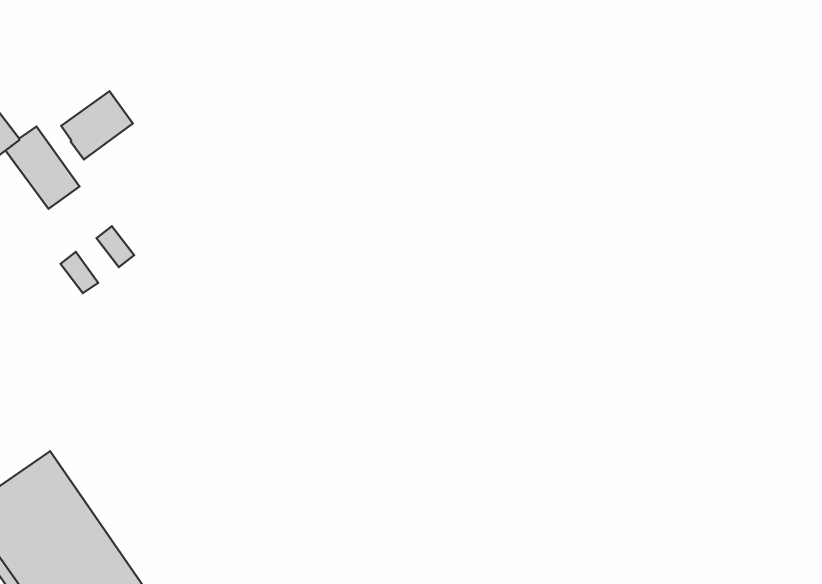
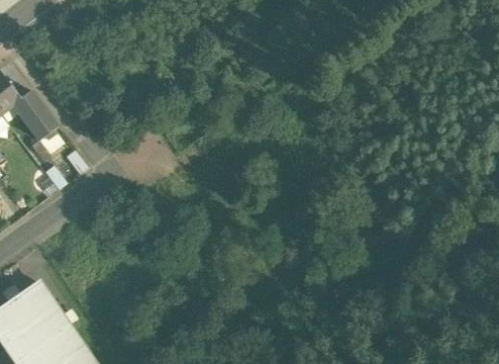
building: [61,91,133,159] -> none

